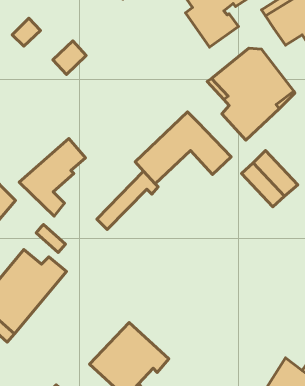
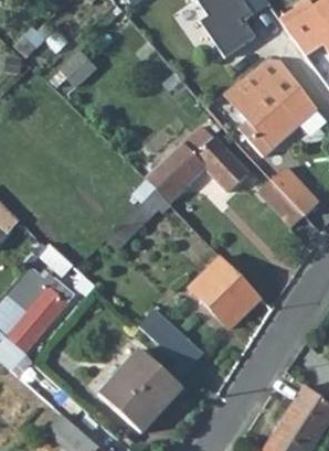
building: [19,138,86,216] -> none
building: none -> [189,255,262,329]
building: none -> [139,310,203,371]

